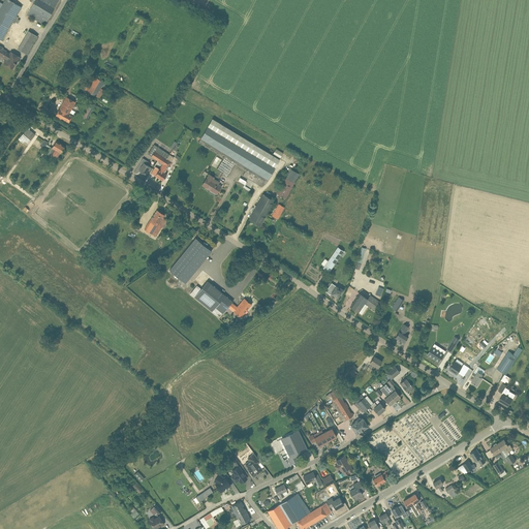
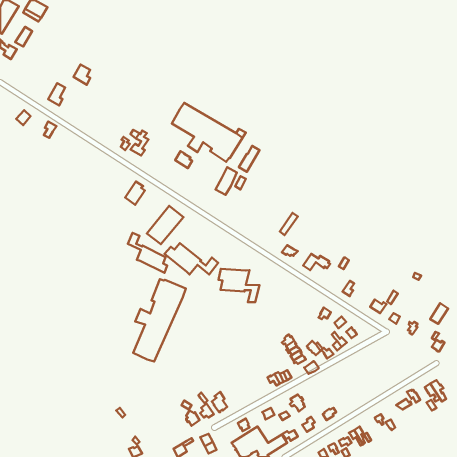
building: none -> [128,233,167,273]
building: none -> [219,269,259,302]
building: none -> [133,279,186,362]
building: [281,431,307,464] -> none

